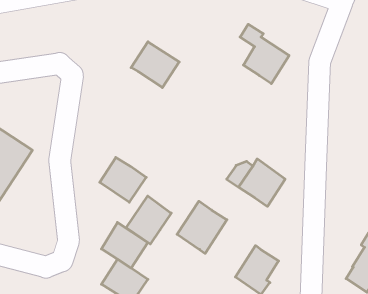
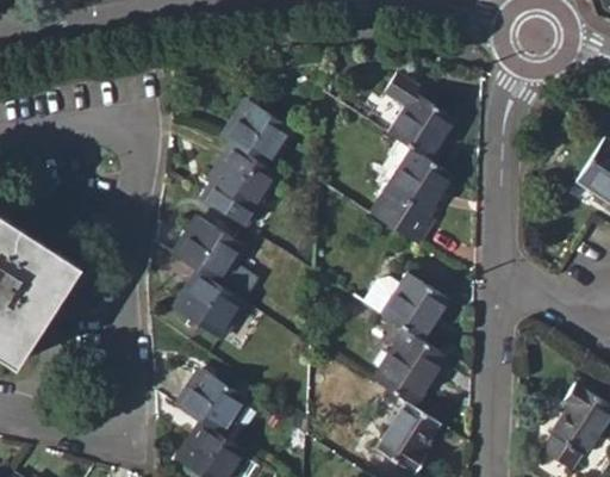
building: none -> [203,143,276,225]
building: none -> [369,149,454,246]
building: none -> [174,217,243,284]
building: [126,196,171,244] -> none
building: [177,201,227,253] -> [372,330,446,408]

